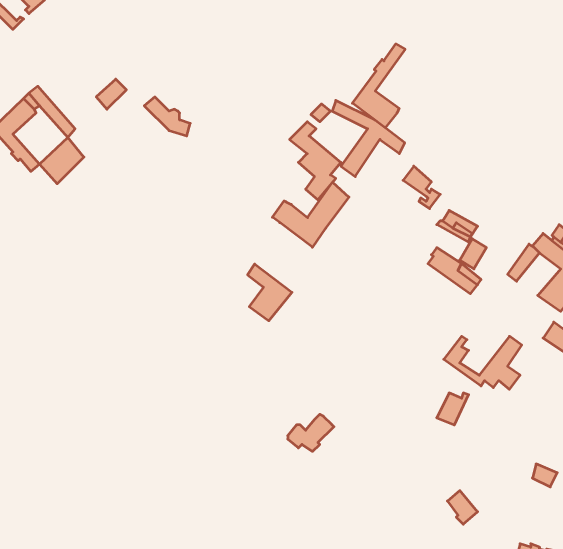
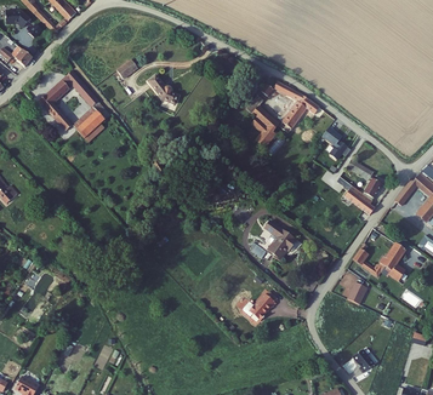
building: [352,44,405,128] -> none
building: [272,182,349,247] -> none
building: [248,264,292,321] -> [264,221,295,259]

